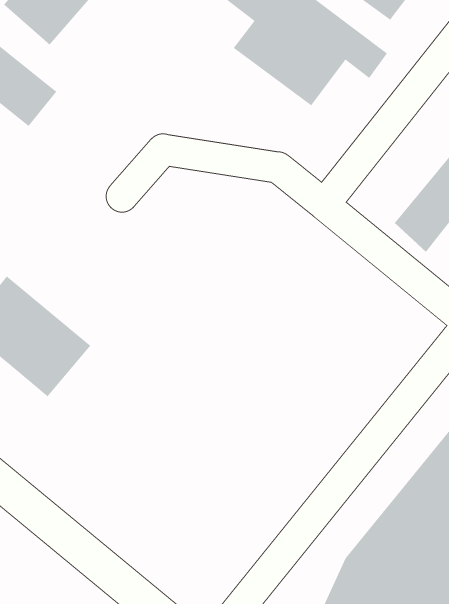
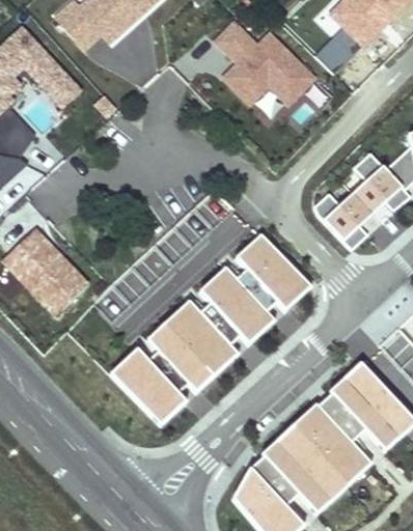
building: none -> [238,234,305,303]
building: none -> [201,268,269,336]
building: none -> [149,302,232,384]
building: none -> [112,350,180,418]

